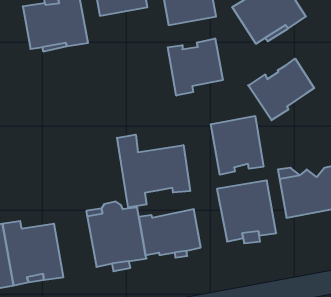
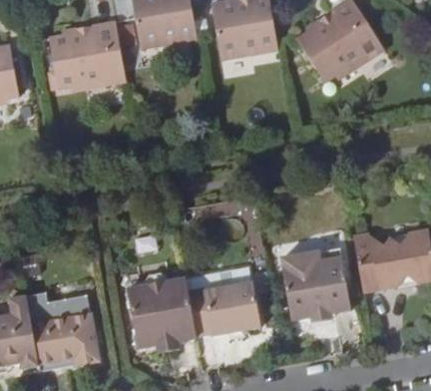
building: [168,38,223,96] -> none
building: [248,59,314,120] -> none
building: [211,116,263,175] -> none
building: [117,135,190,207] -> none

